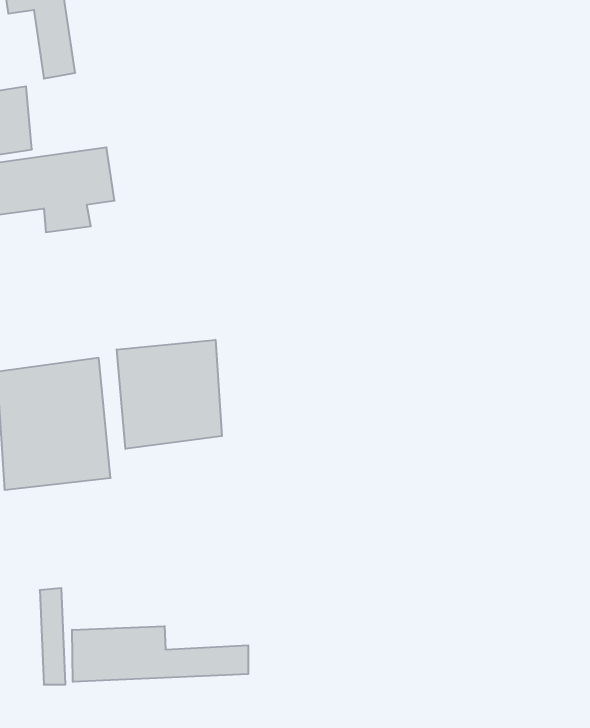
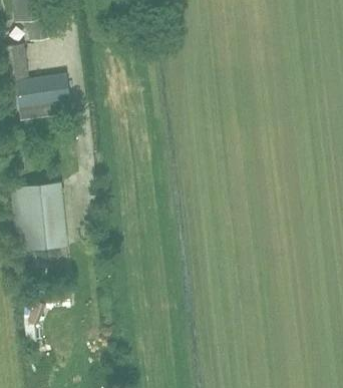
building: [117,340,222,449] -> none
building: [72,626,248,682] -> none

